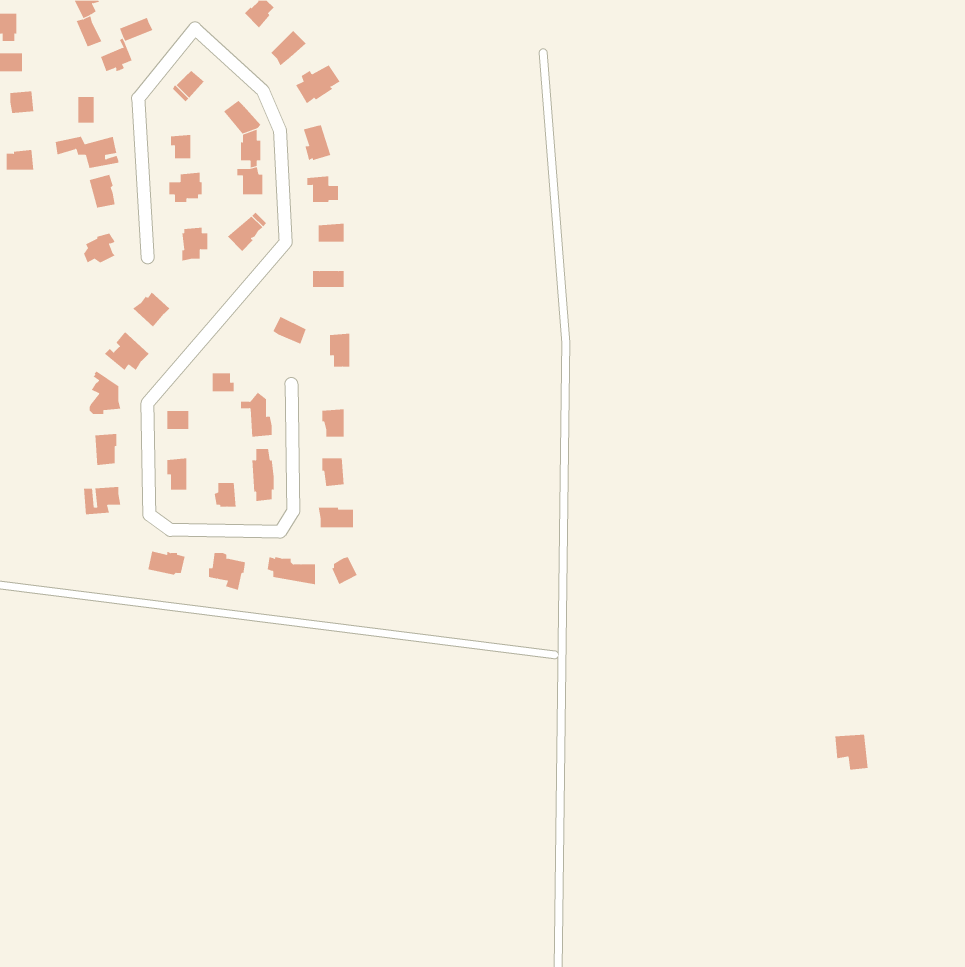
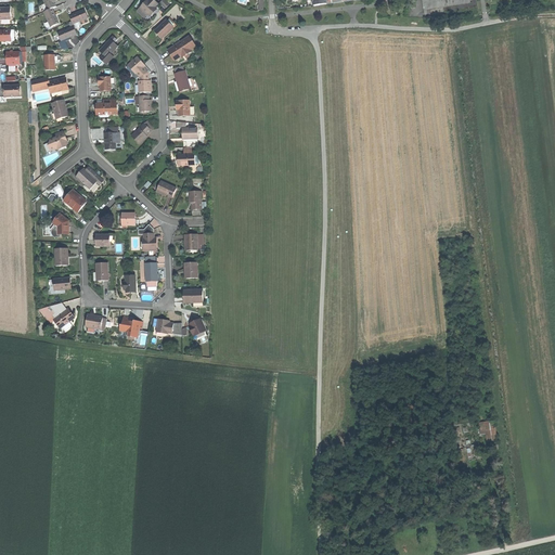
building: none -> [39,302,73,330]

